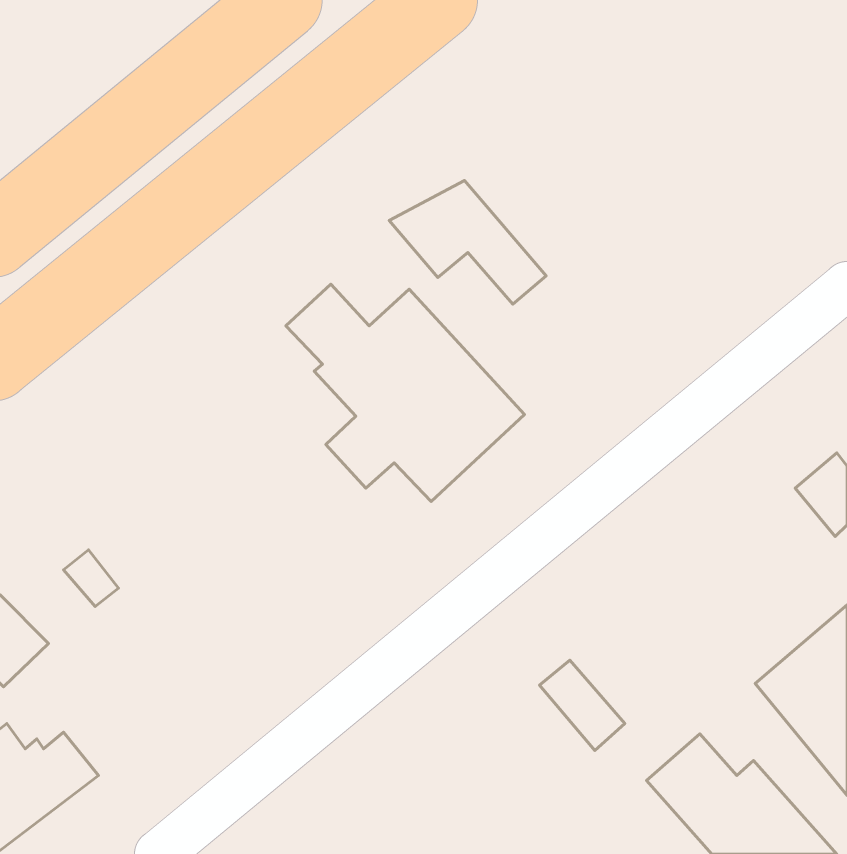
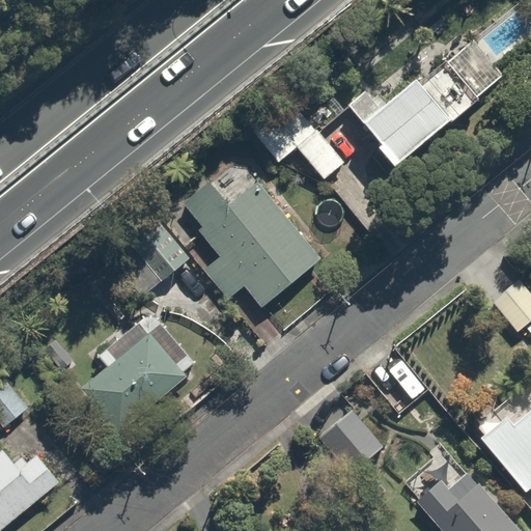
building: none -> [348,44,498,162]
building: none -> [133,217,190,282]
building: none -> [81,309,197,432]

